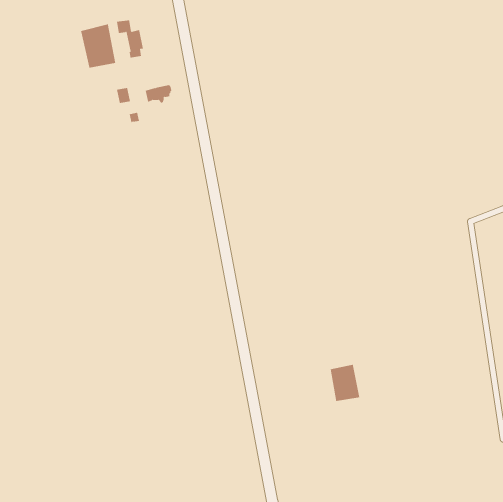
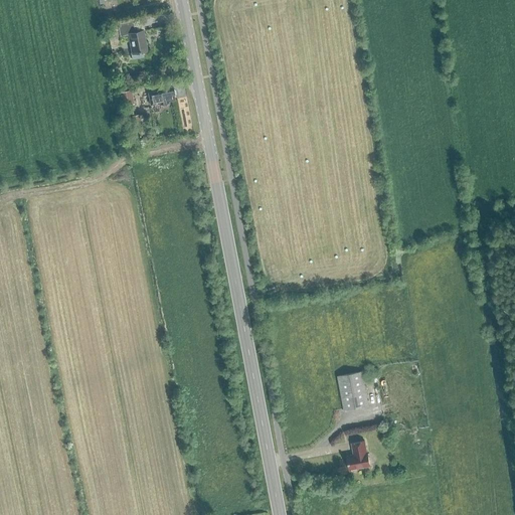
building: [81,24,116,69] -> none
building: none -> [346,442,369,472]

